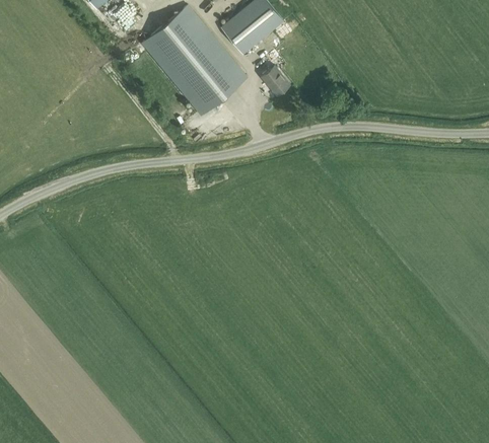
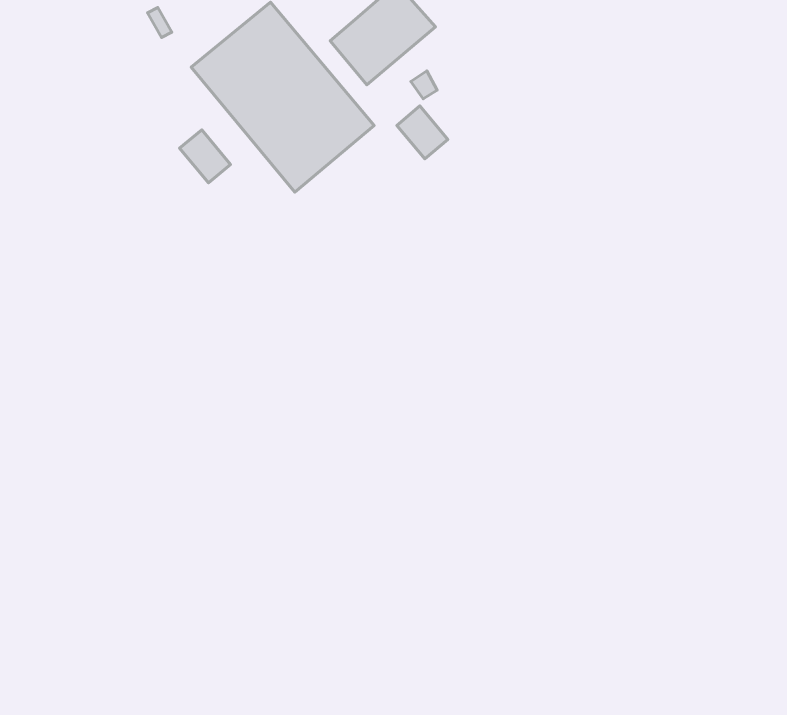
building: none -> [180,130,231,183]

